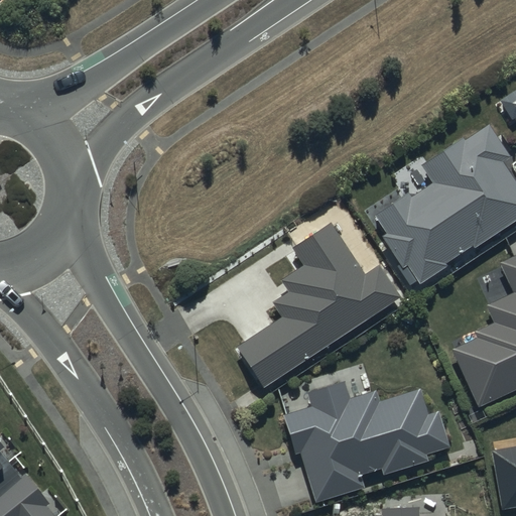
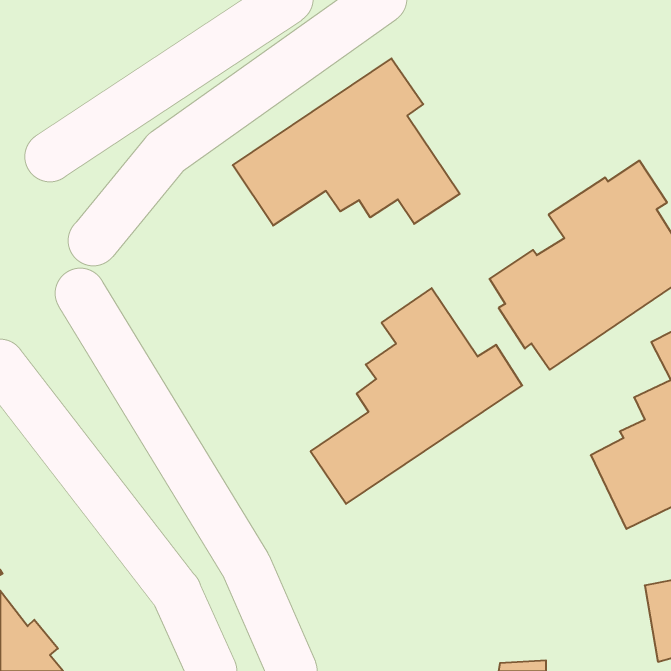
building: none -> [233,58,460,226]
building: [283,379,450,507] -> none

